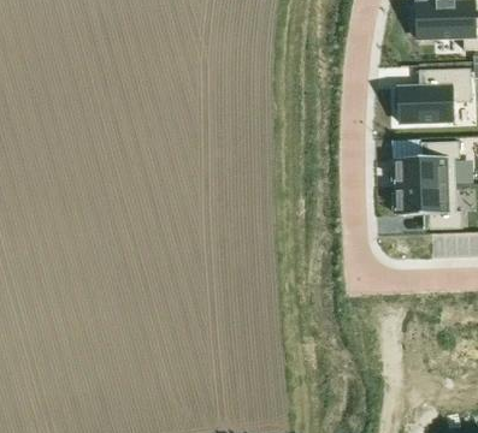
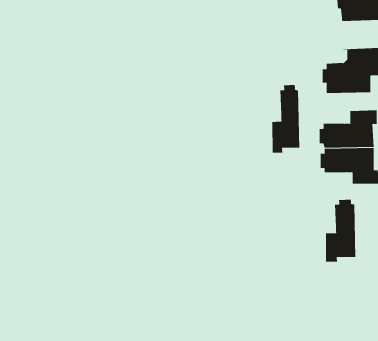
building: none -> [272,84,300,154]
building: none -> [325,199,356,263]

